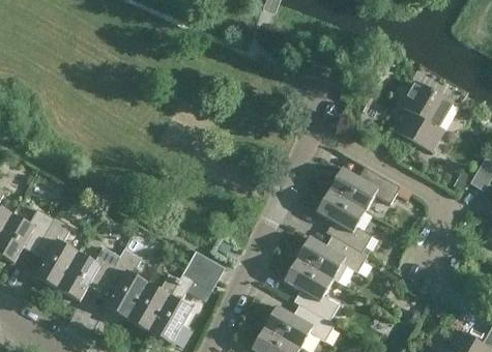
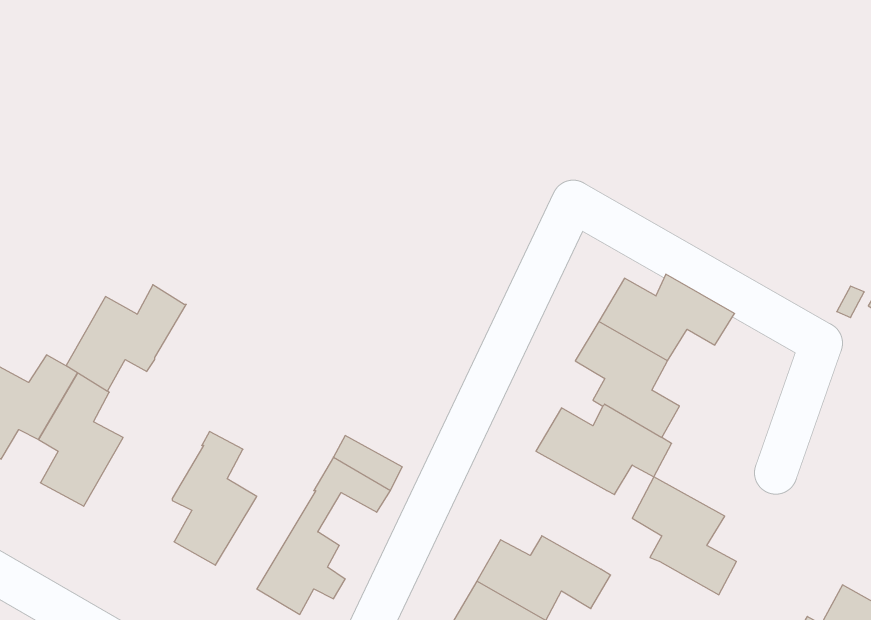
building: [396,82,452,151] -> none
building: [57,245,120,301] -> [66,285,186,391]
building: [284,259,339,321] -> [632,477,736,595]
building: [126,273,179,331] -> none

